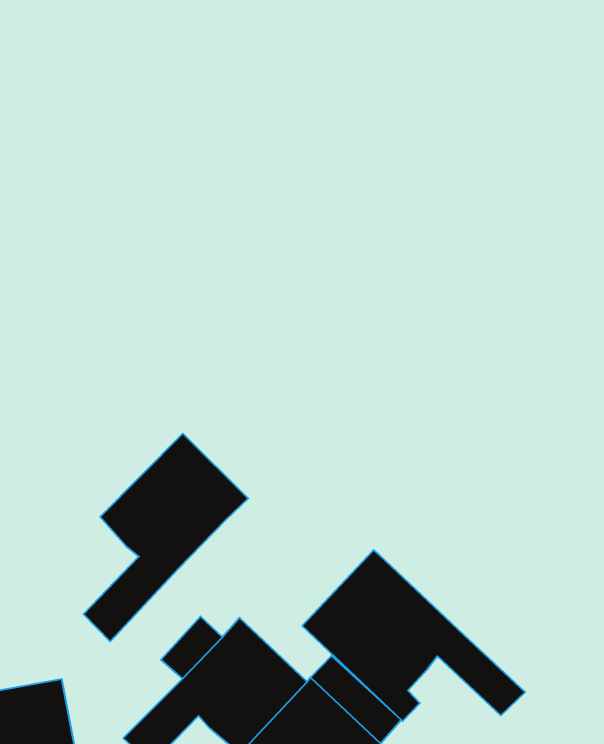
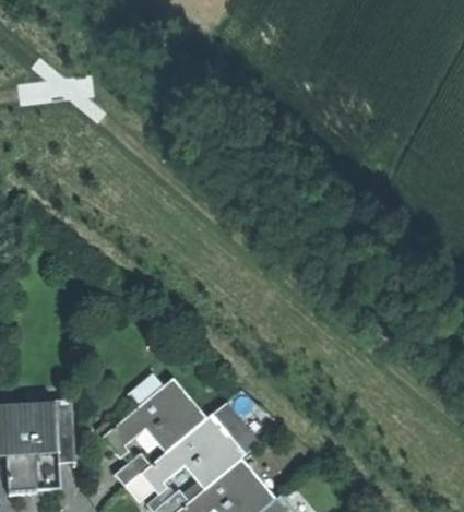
building: [84,434,248,641] -> none
building: [302,550,525,721] -> none

